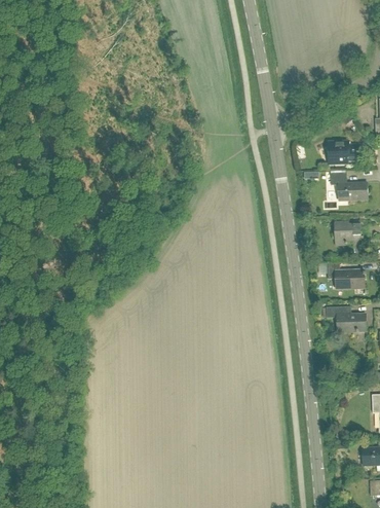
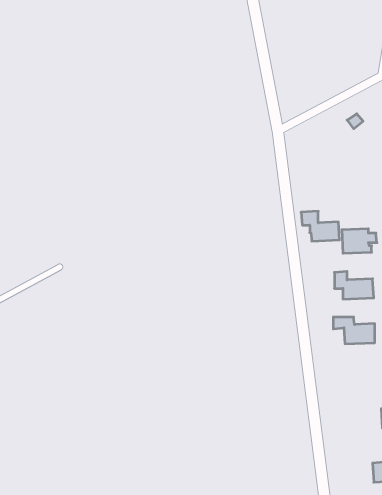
building: [328,140,359,165] -> none
building: [331,172,368,201] -> [301,211,339,241]

